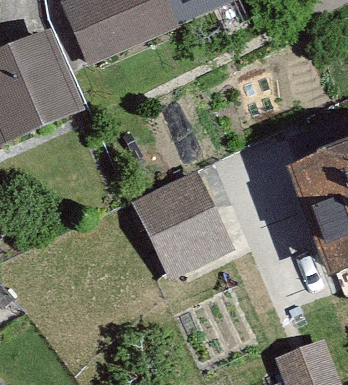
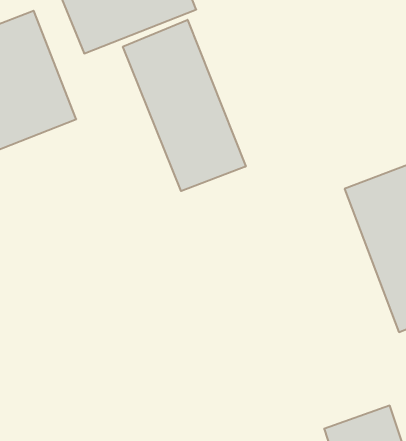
building: none -> [123,20,246,191]
building: [133,167,237,280] -> none

